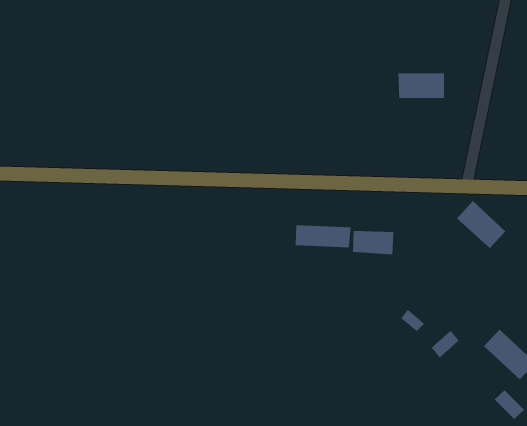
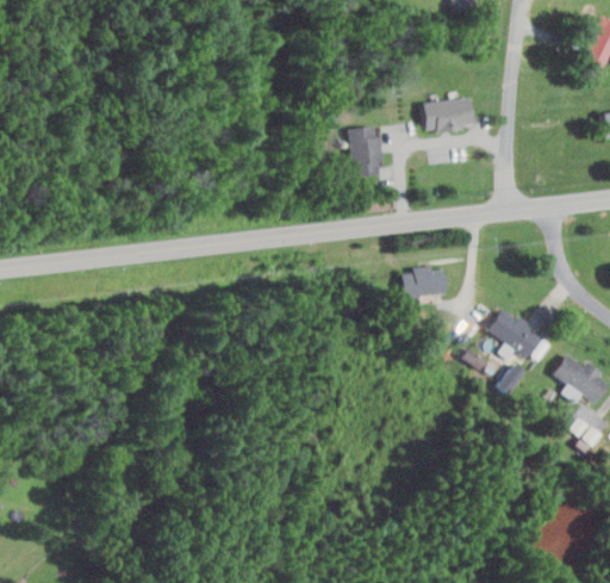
building: none -> [349,128,381,176]
building: [456,200,506,249] -> [487,309,541,356]
building: [295,224,351,248] -> none

